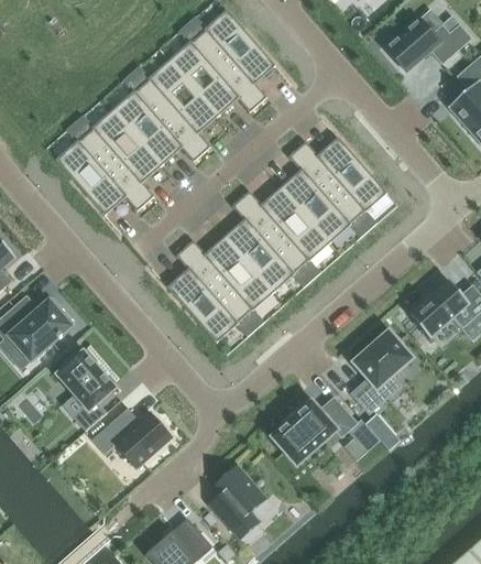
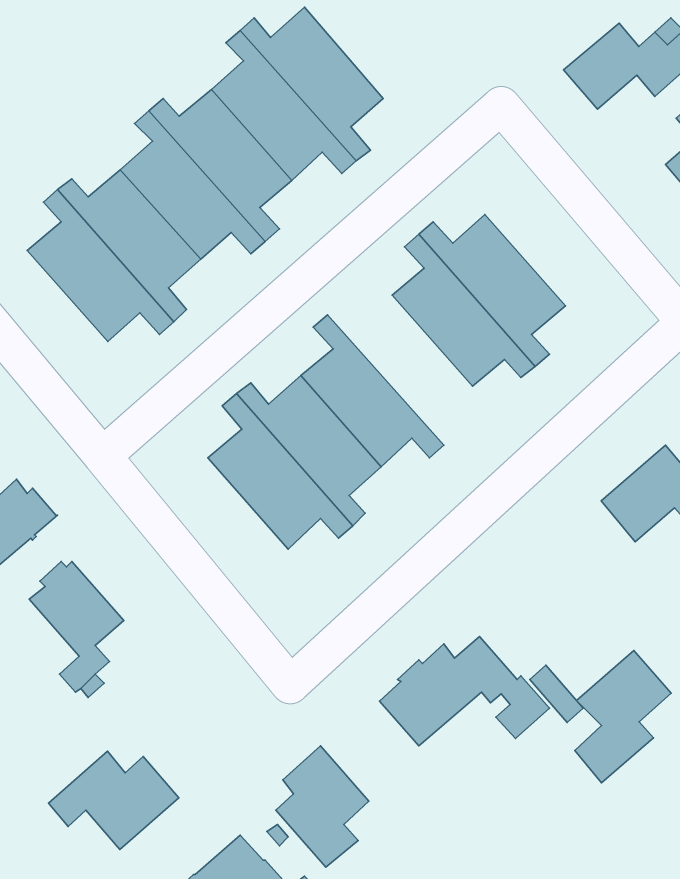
building: [241,186,330,279] -> none
building: [352,332,412,413] -> [575,650,671,783]
building: [92,408,173,468] -> [48,751,179,850]

